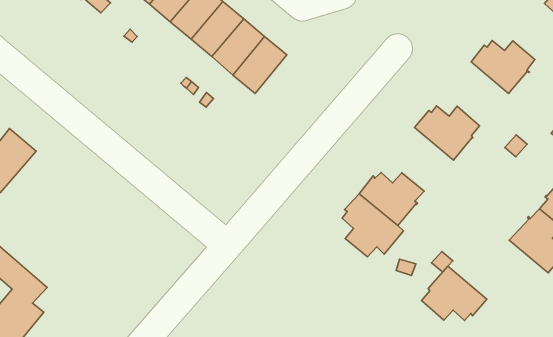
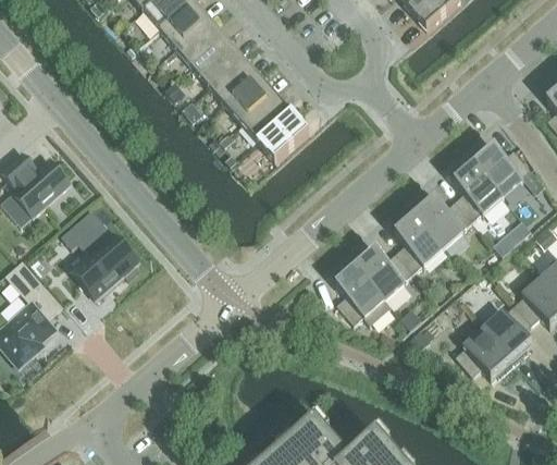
building: none -> [453,161,502,220]
building: none -> [394,212,443,271]
building: none -> [63,209,143,301]
building: [422,266,487,321] -> [454,327,512,378]

